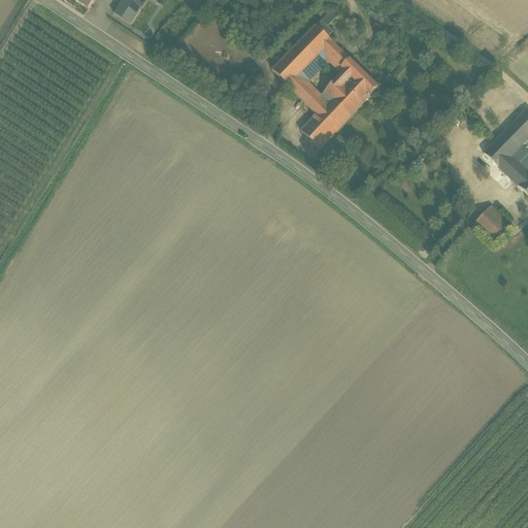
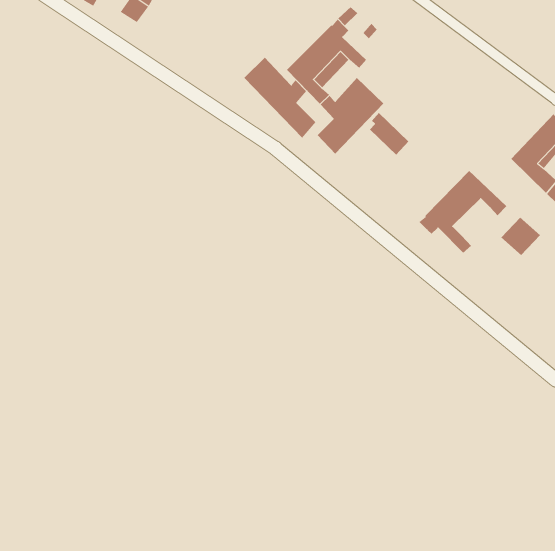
building: none -> [243,57,316,138]
building: [339,57,377,98] -> [369,112,409,156]
building: none -> [419,170,507,253]

